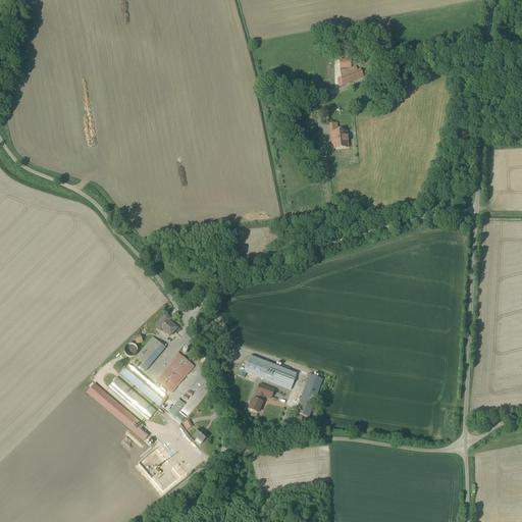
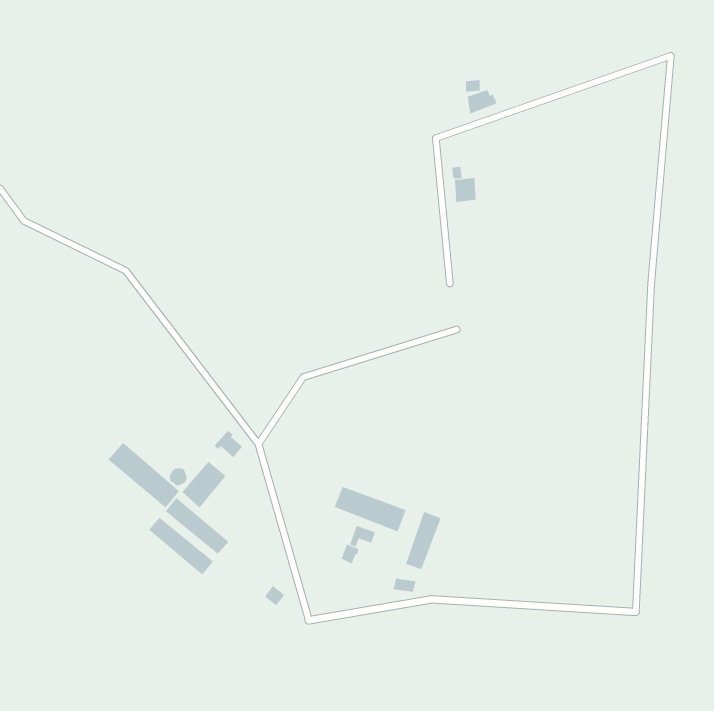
building: none -> [108,442,180,508]
building: [155,353,193,392] -> none

